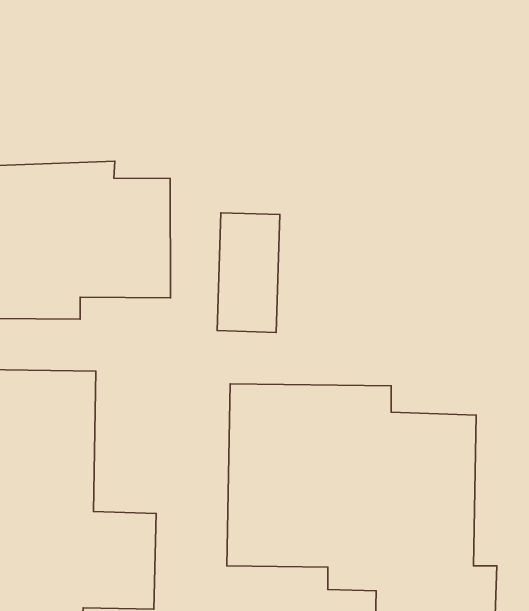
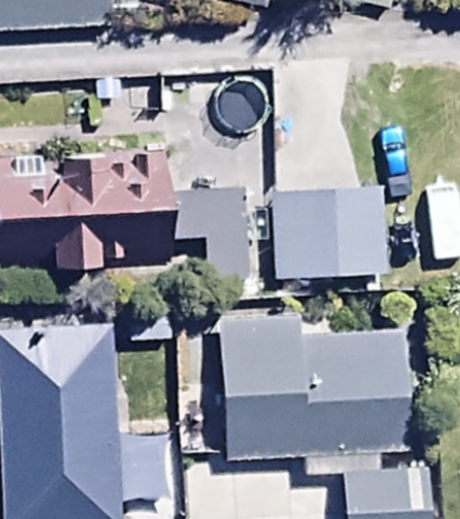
building: none -> [273,186,383,282]

